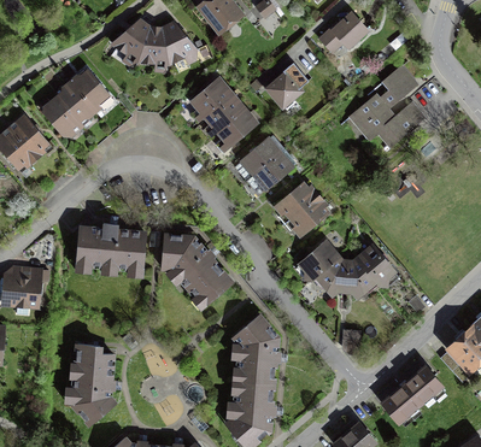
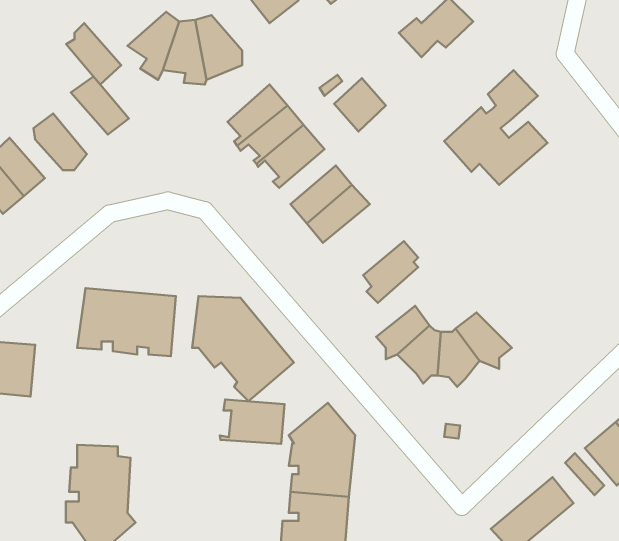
building: [55,81,96,127] -> [66,23,121,85]
building: [270,177,317,217] -> none
building: none -> [220,399,285,444]

